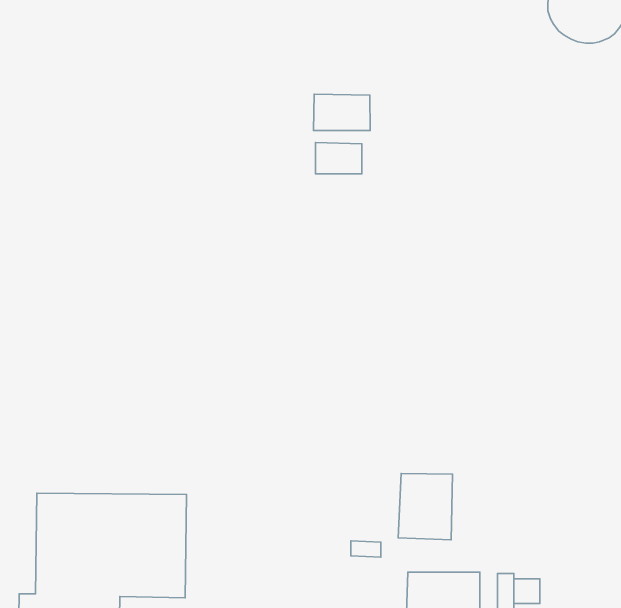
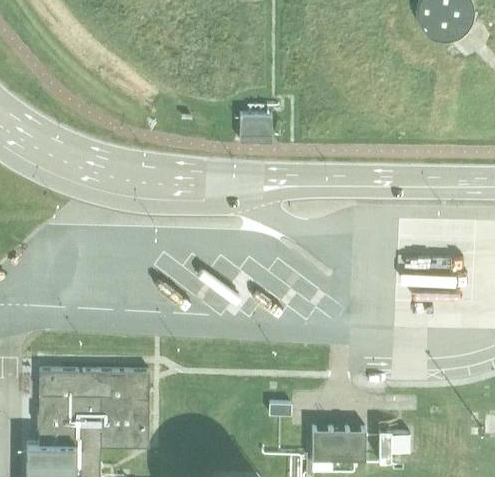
building: [313,94,370,130] -> none
building: [398,474,452,540] -> none

